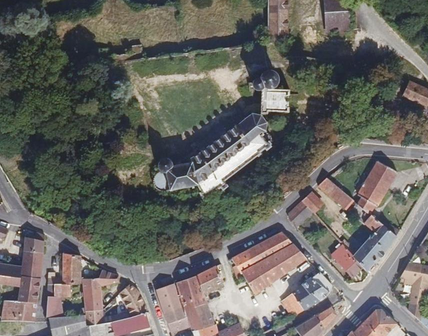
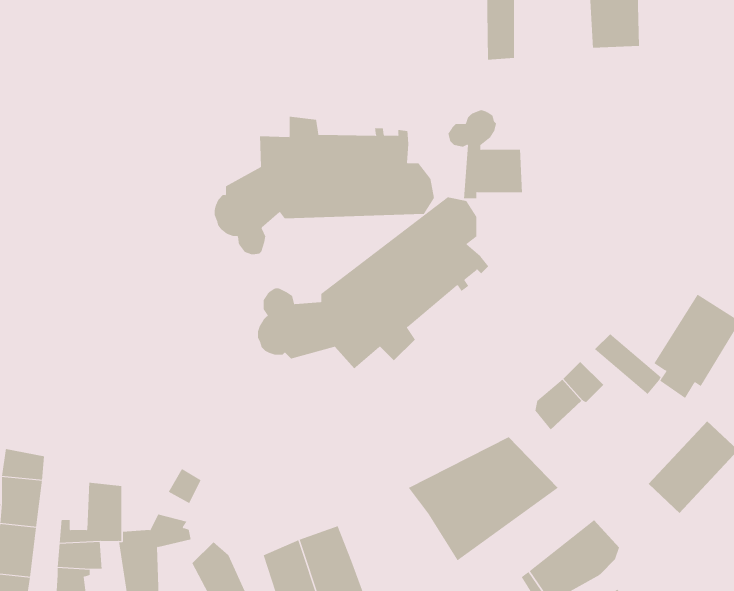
building: none -> [214,116,434,255]
building: [328,244,360,277] -> none
building: [191,263,220,293] -> none

